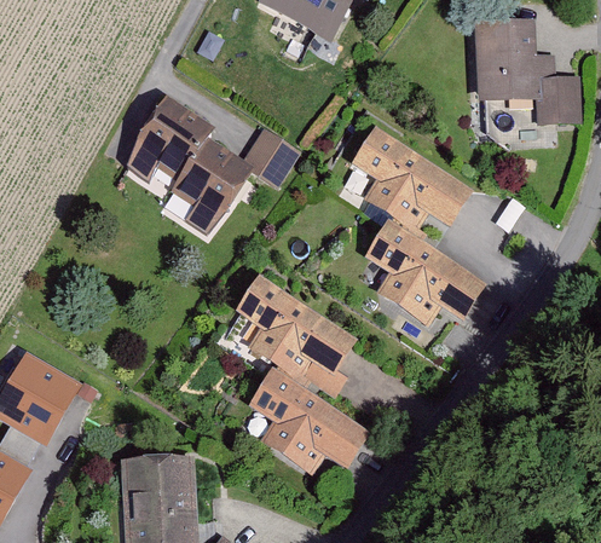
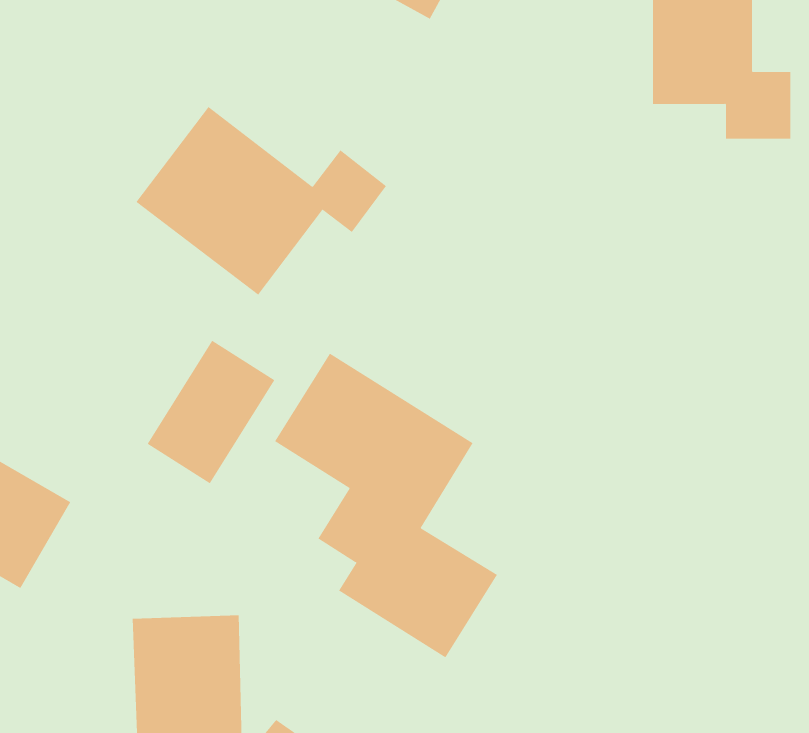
building: [335,127,487,340] -> none
building: none -> [147,340,275,484]

